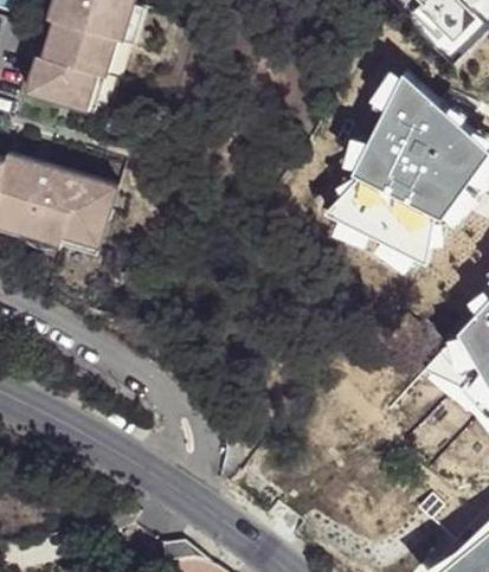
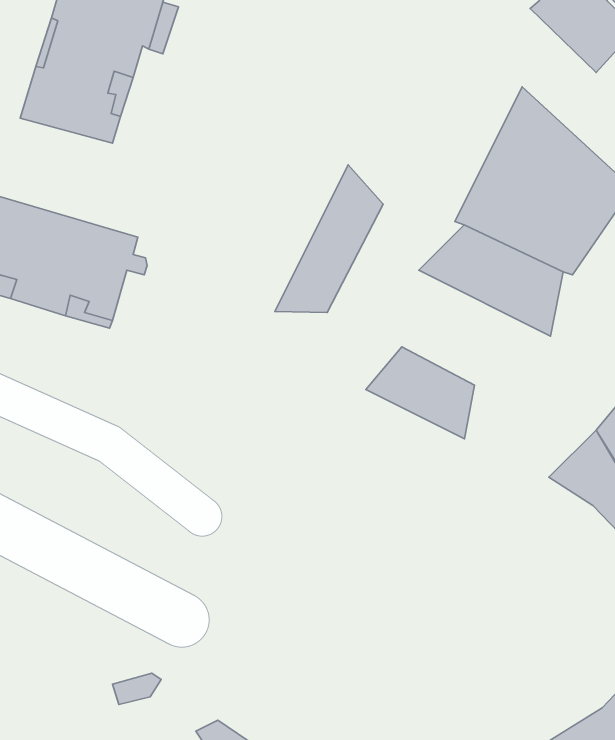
building: none -> [275,165,383,312]
building: none -> [366,347,474,439]

